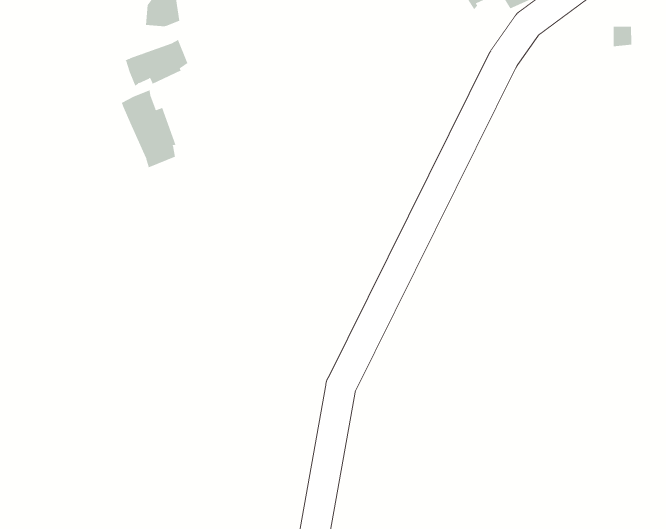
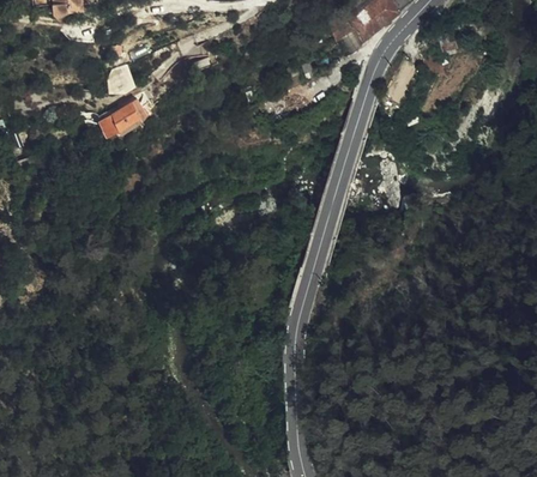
building: [120,90,176,168] -> none

